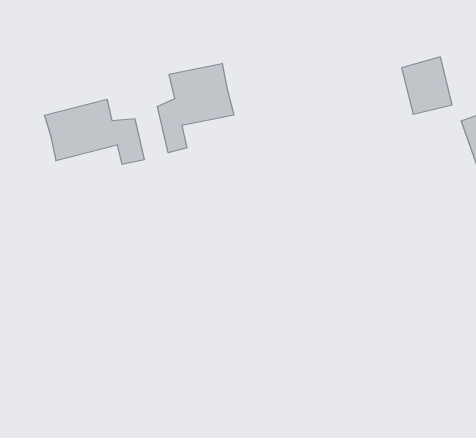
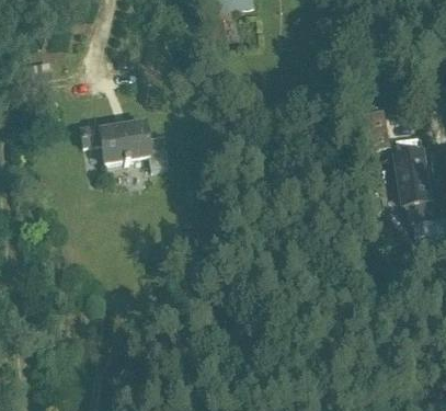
building: [157,63,234,153] -> none

